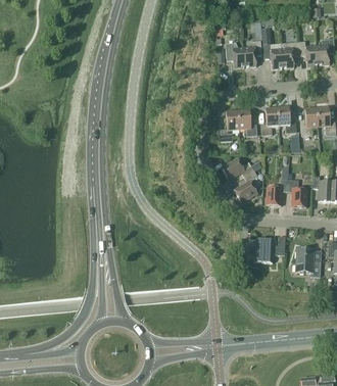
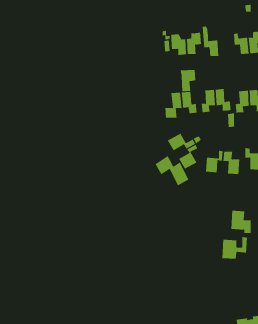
building: [280,41,299,67] -> [180,69,196,92]
building: none -> [155,155,189,186]
building: [254,235,285,261] -> [222,237,248,259]

